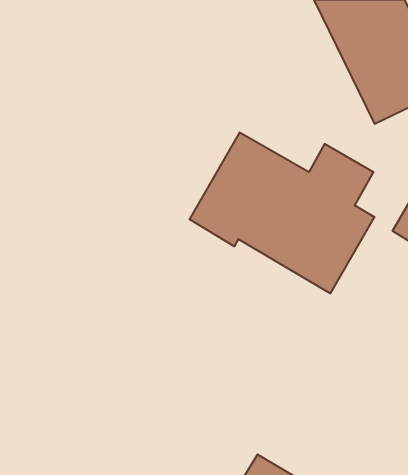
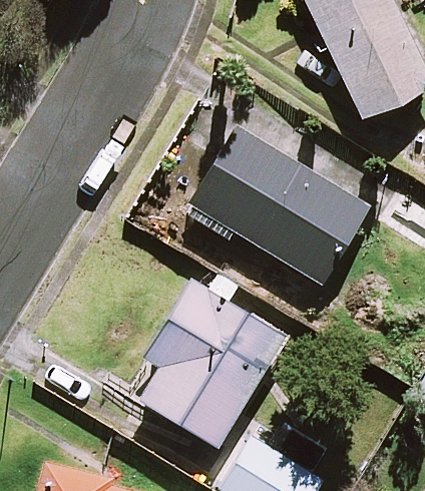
building: none -> [140,276,286,446]

